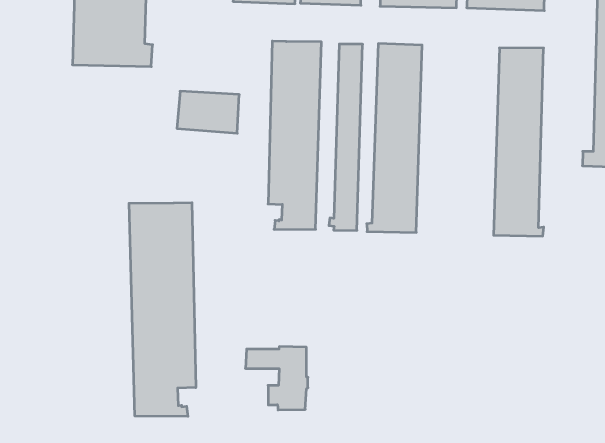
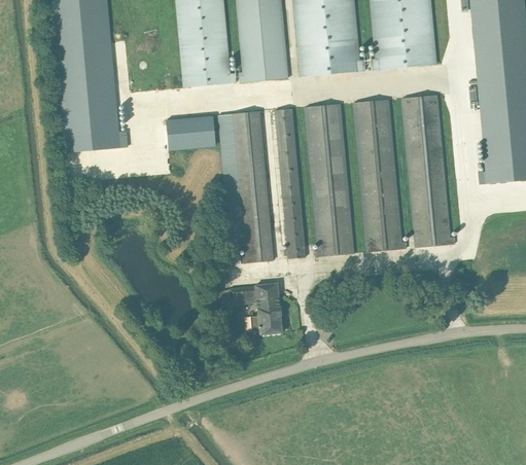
building: none -> [353,99,407,252]
building: [177,91,239,133] -> [166,115,215,148]
building: [129,203,196,416] -> none
building: [245,347,308,410] -> [230,282,282,334]

